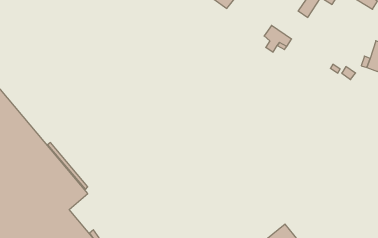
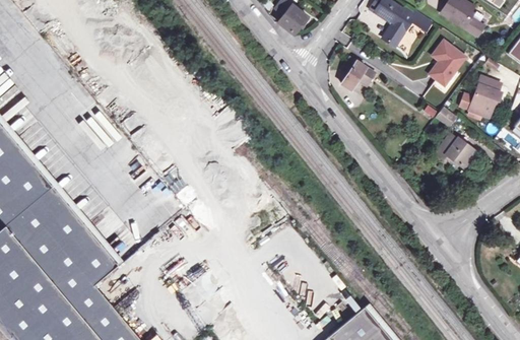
building: none -> [429,41,465,85]
building: none -> [437,133,476,167]

